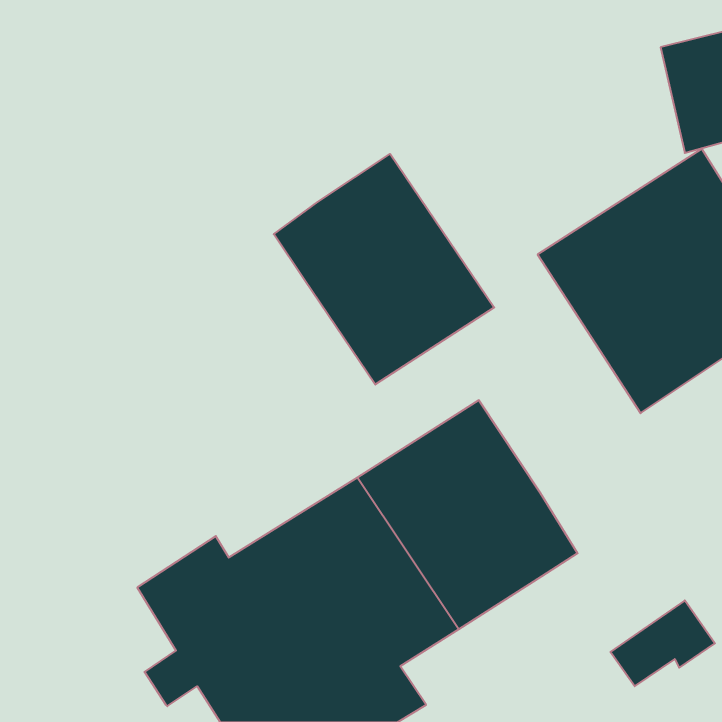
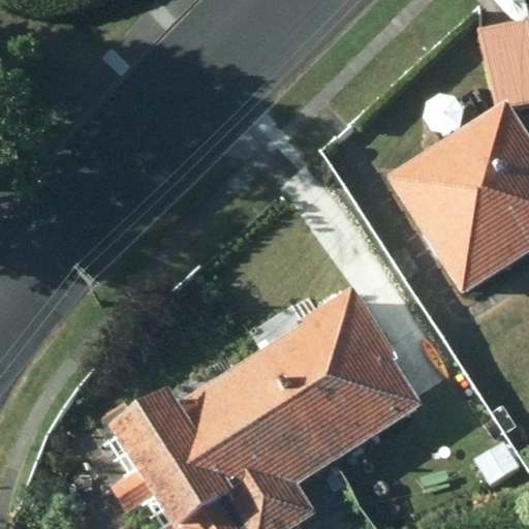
building: [274,154,494,385] -> none

